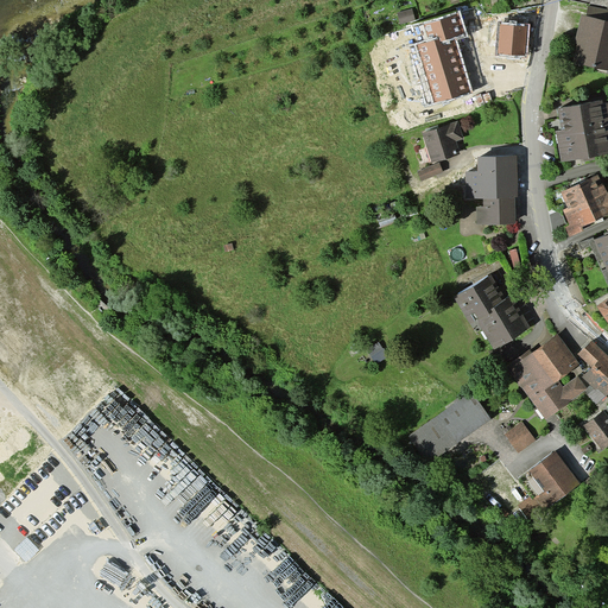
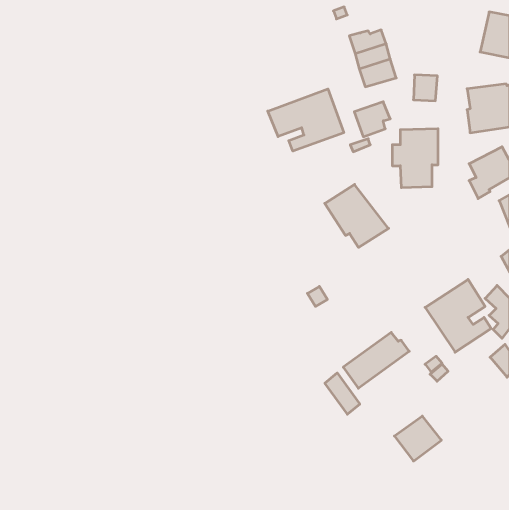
building: [425,13,467,40] -> none
building: [500,25,528,56] -> [413,75,437,101]
building: none -> [268,89,344,151]
building: [454,273,530,348] -> [325,184,389,247]
building: none -> [325,373,360,414]
building: [522,451,578,505] -> [394,416,441,461]

